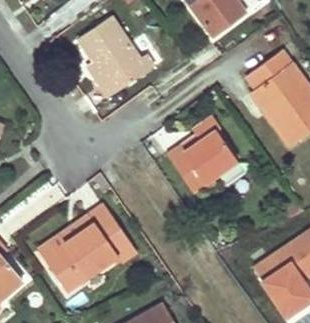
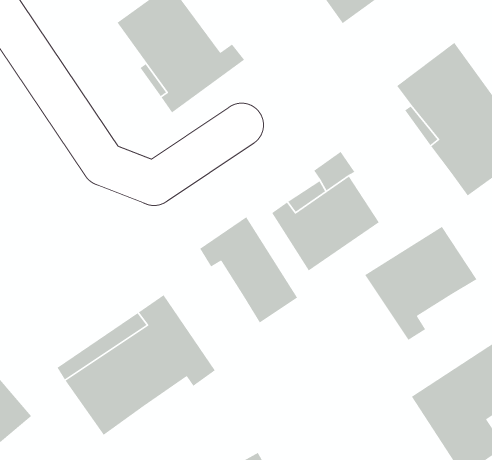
building: none -> [199,216,298,323]
building: none -> [364,226,477,341]

